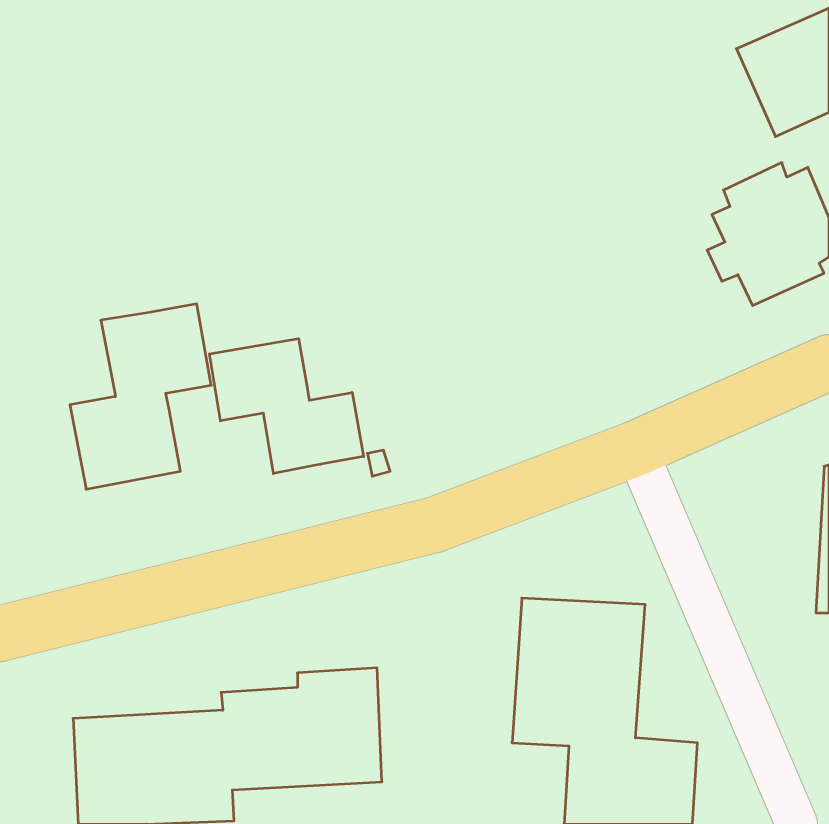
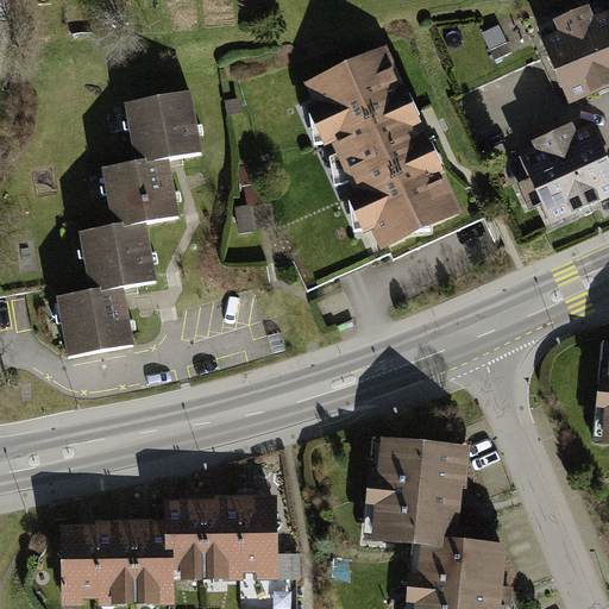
building: none -> [303,45,466,255]
building: none -> [99,88,197,228]
building: [209,339,364,474] -> none

